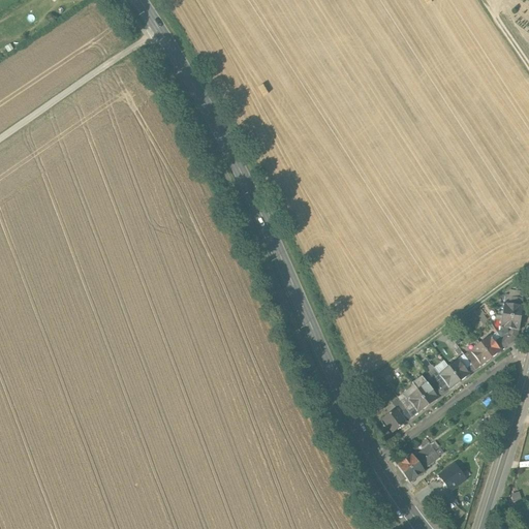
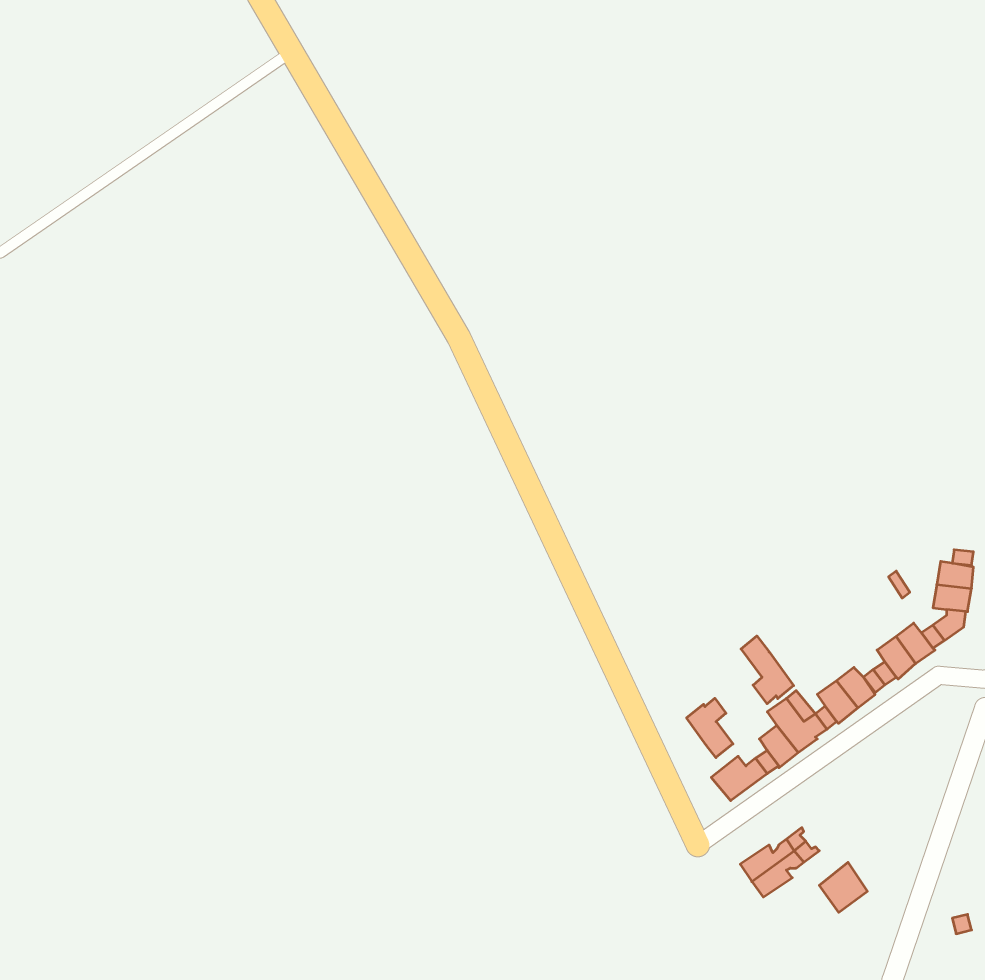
building: none -> [741,636,794,704]
building: none -> [687,698,733,758]

